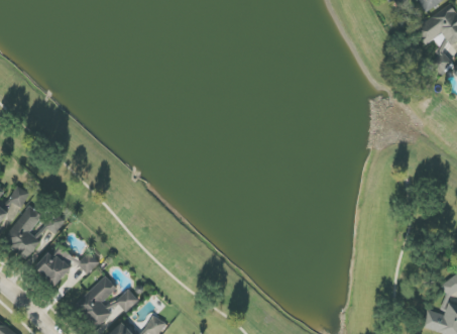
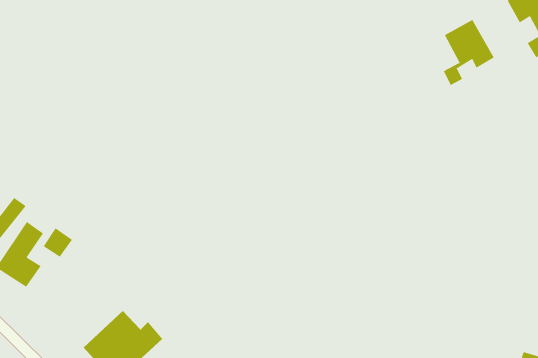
building: none -> [443,19,495,86]
building: [34,247,100,286] -> none

